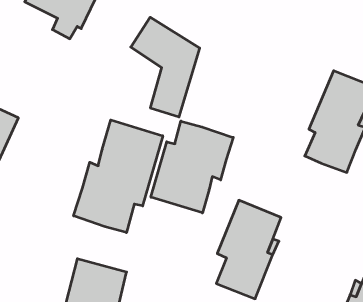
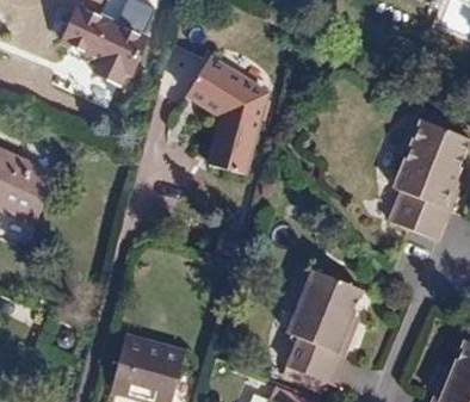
building: [74,120,163,233] -> none
building: [151,121,233,213] -> none

